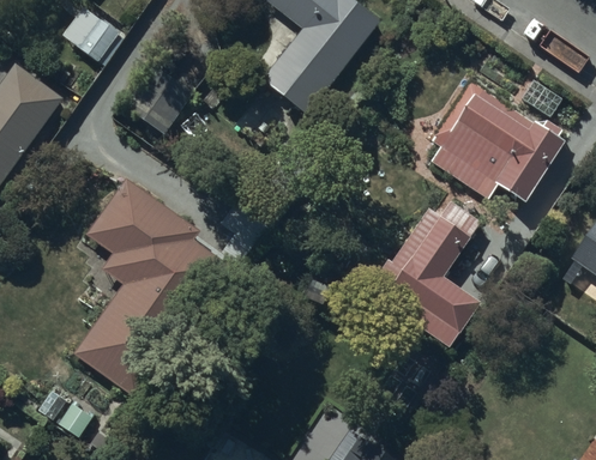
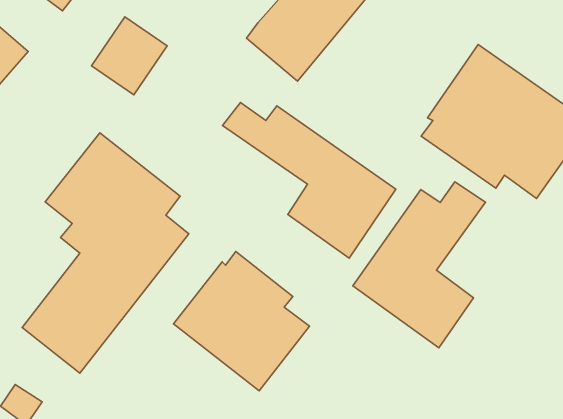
building: none -> [223,103,396,258]
building: none -> [173,252,309,391]

